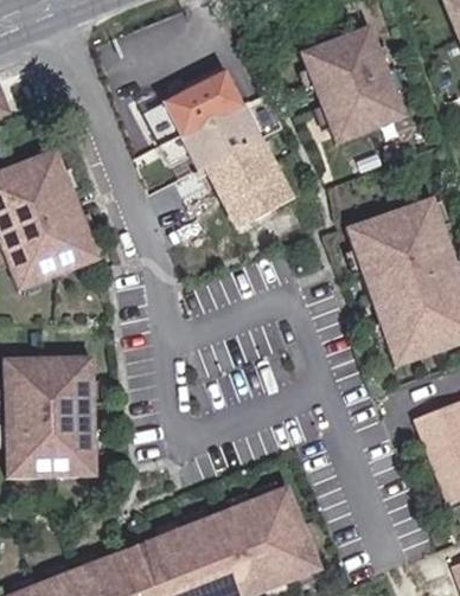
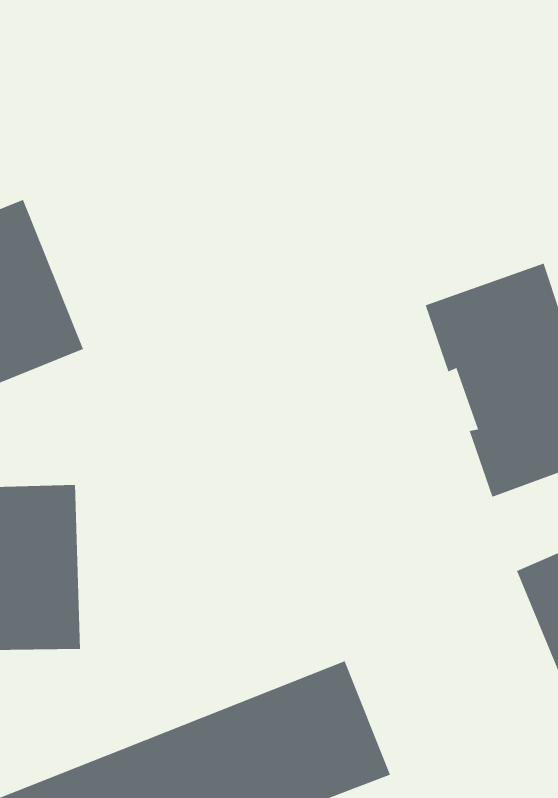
building: [300,25,405,143] -> none
building: [143,71,290,227] -> none

